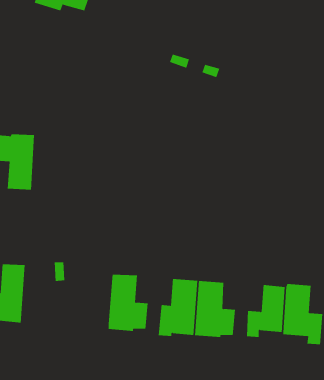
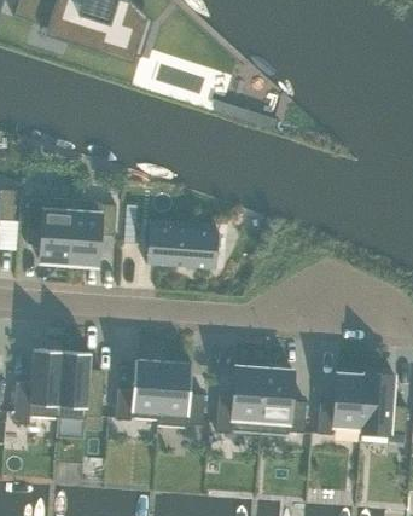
building: none -> [68,199,115,266]
building: none -> [145,226,217,269]
building: none -> [56,350,103,421]
building: none -> [114,359,161,421]

